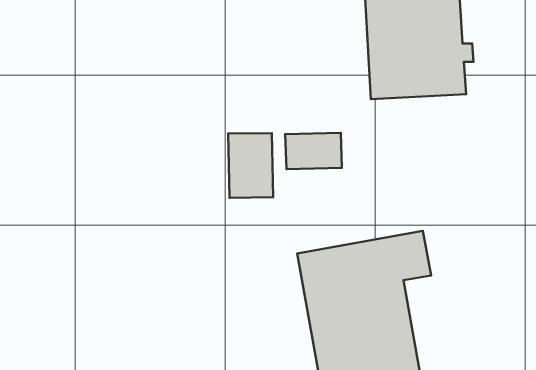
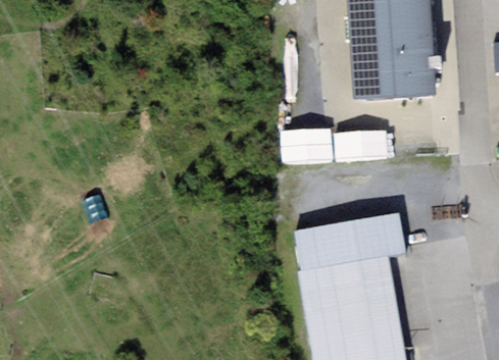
building: [228,133,273,198] -> none
building: none -> [334,130,386,159]

